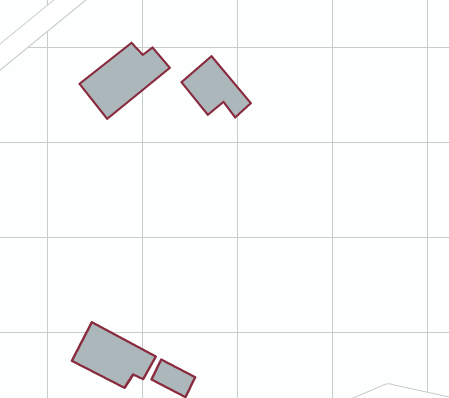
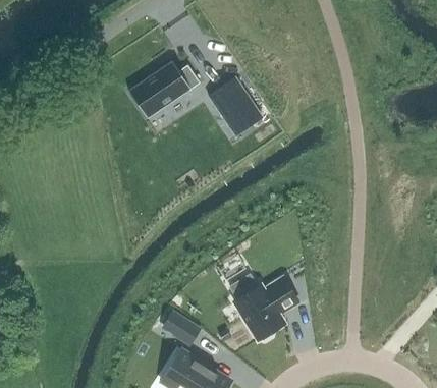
building: none -> [229,275,297,340]
building: [72,322,156,388] -> none

